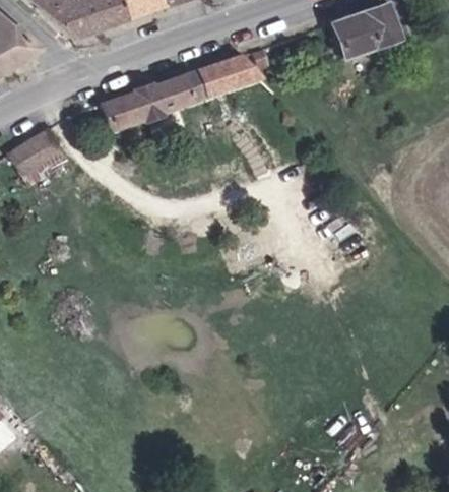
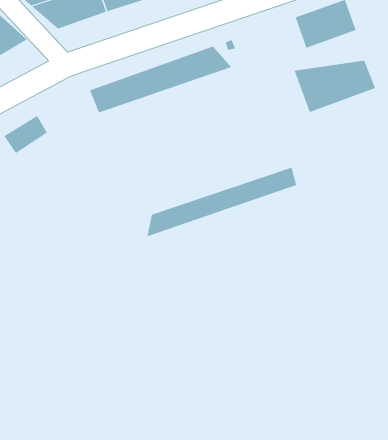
building: none -> [294,60,376,113]
building: none -> [147,167,297,237]

